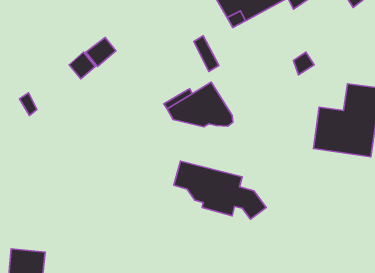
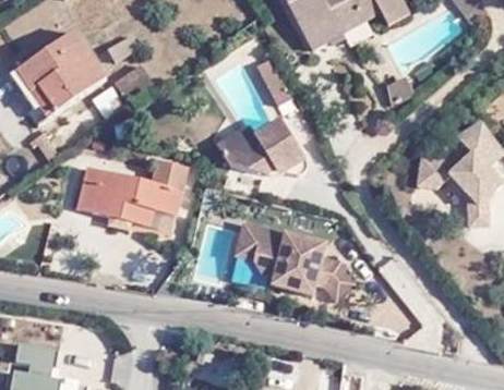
building: none -> [9,35,104,130]
building: none -> [80,162,189,224]

